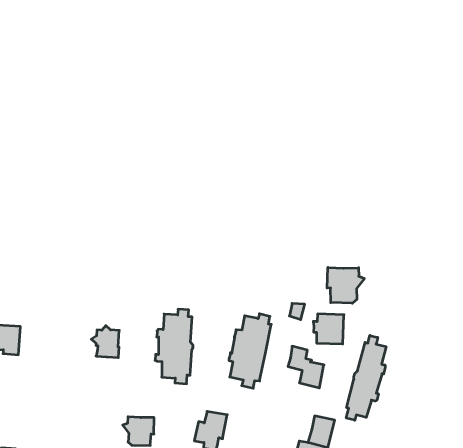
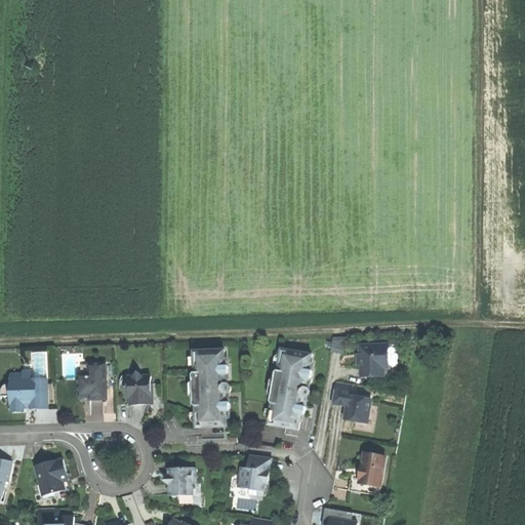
building: [327,267,364,303] -> none
building: none -> [76,363,104,399]
building: [346,335,386,420] -> none
building: none -> [34,458,66,493]

